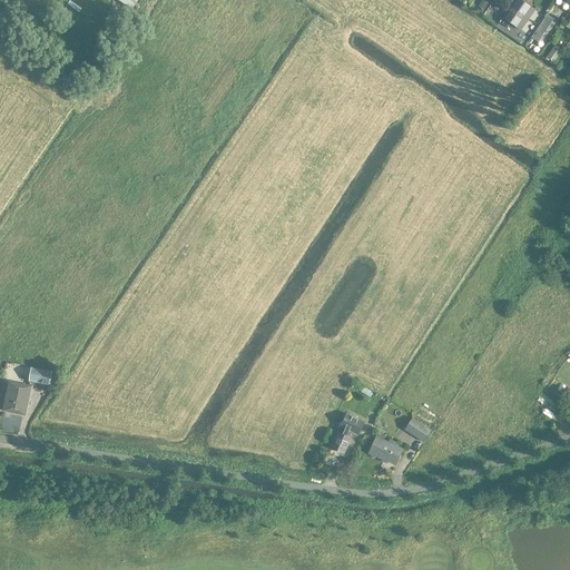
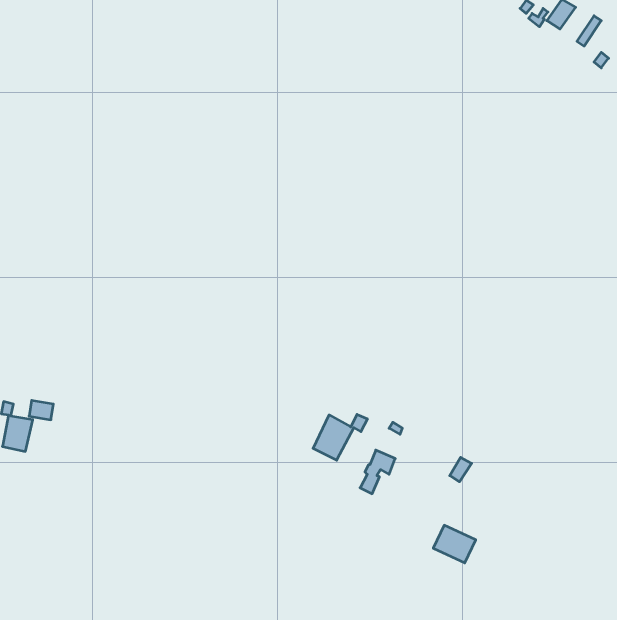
building: none -> [313,414,367,460]
building: [365,431,404,465] -> [433,525,476,563]

